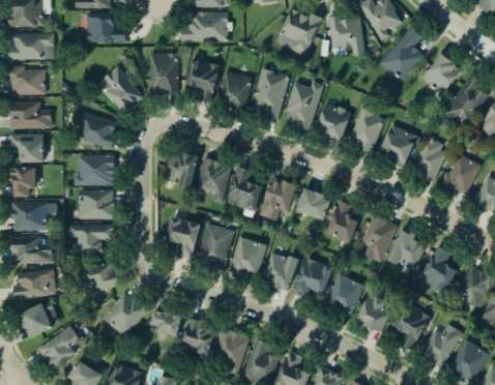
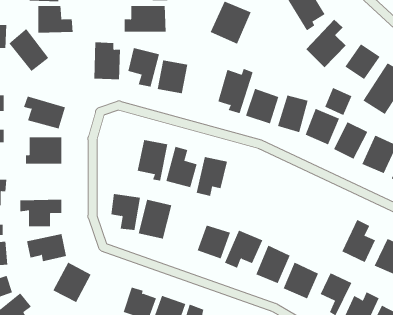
building: [327,16,365,55] -> none
building: [98,66,143,114] -> [9,28,49,72]
building: [253,69,288,120] -> none
building: none -> [324,87,352,116]
building: [164,152,200,188] -> none
building: [296,187,331,219] -> none
building: [78,189,113,219] -> none
building: [327,201,359,241] -> none
building: [360,215,396,262] -> none
building: [388,231,427,270] -> none
building: [229,236,266,277] -> none
building: [150,309,181,336] -> none

